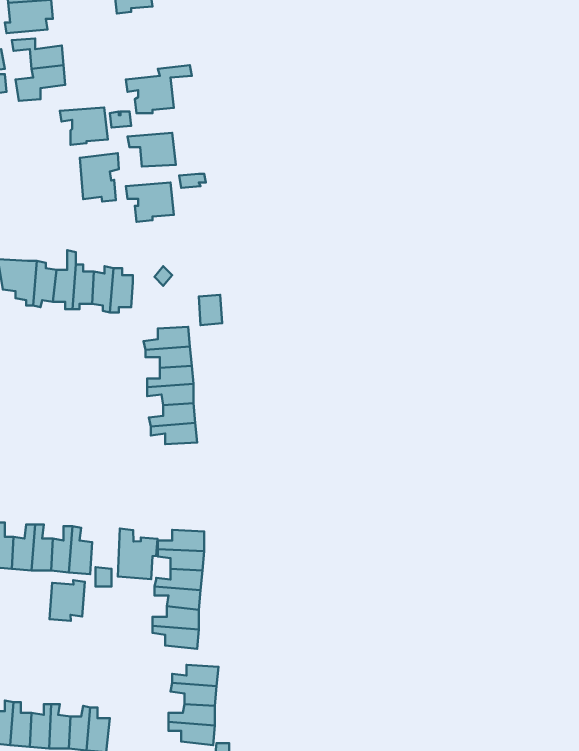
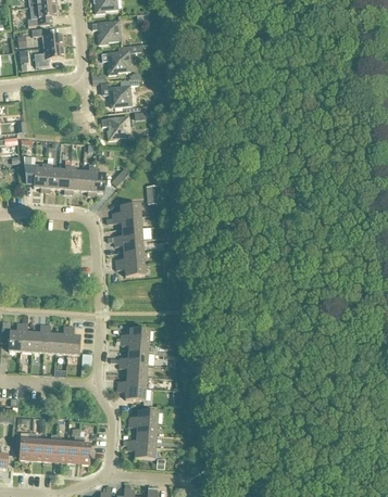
building: [60,107,108,145] -> [91,20,121,42]
building: [80,153,119,201] -> none
building: [118,529,158,579] -> none
building: [50,580,85,621] -> none

